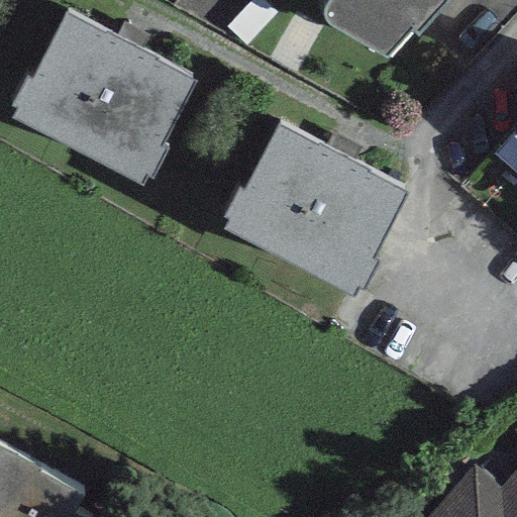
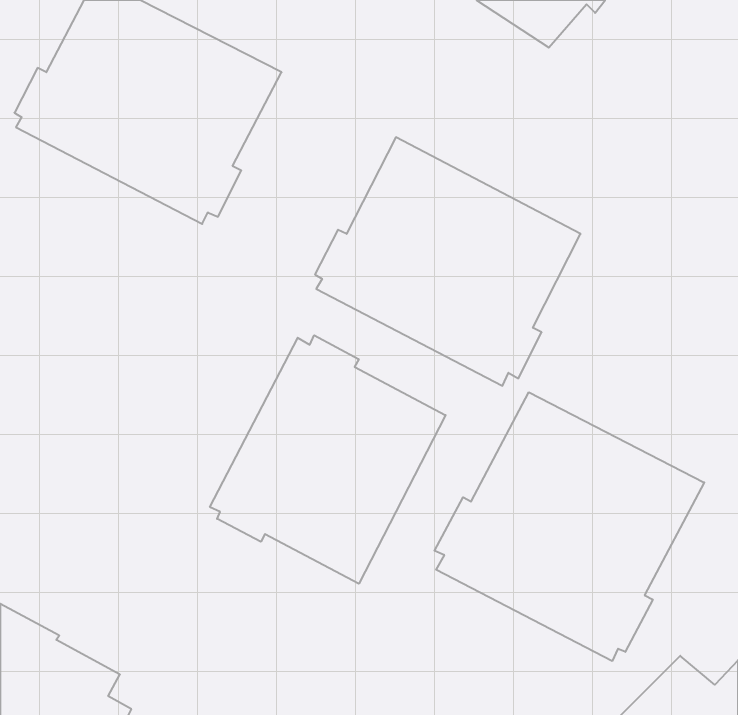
building: none -> [210,335,446,584]
building: none -> [434,392,704,661]

